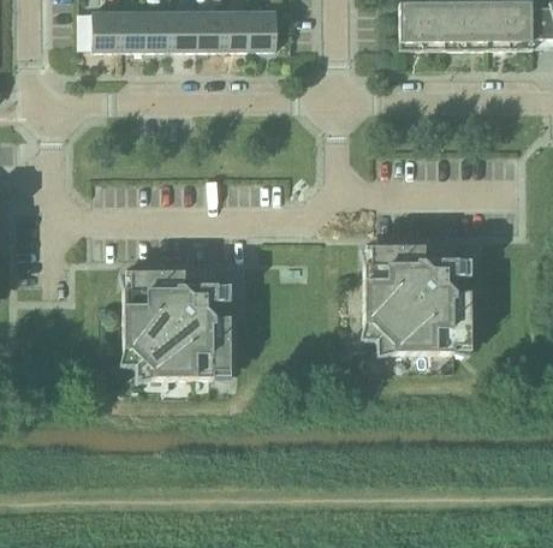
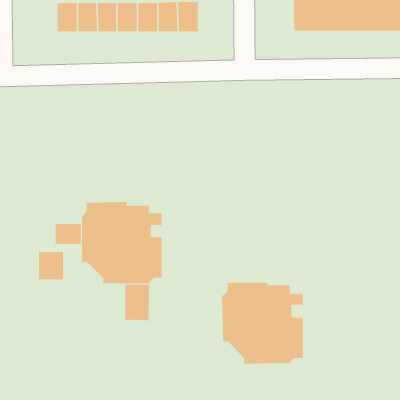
building: [363,246,470,353] -> [221,282,303,364]
building: none -> [55,223,81,245]
building: none -> [39,251,64,280]
building: none -> [125,284,150,321]

